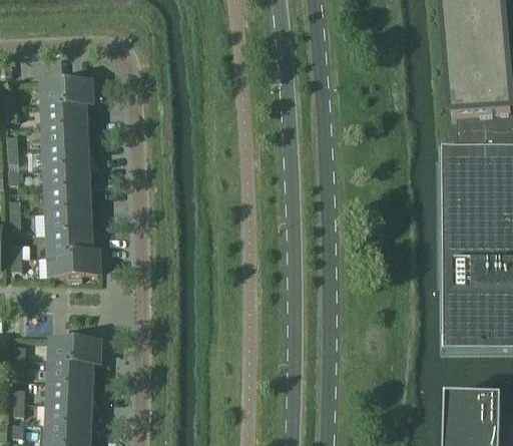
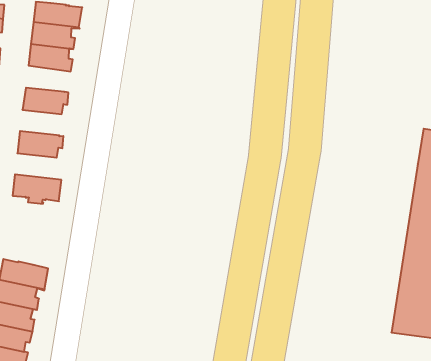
building: [46,144,89,167] -> none
building: [47,187,91,210] -> none
building: [49,231,96,254] -> none

